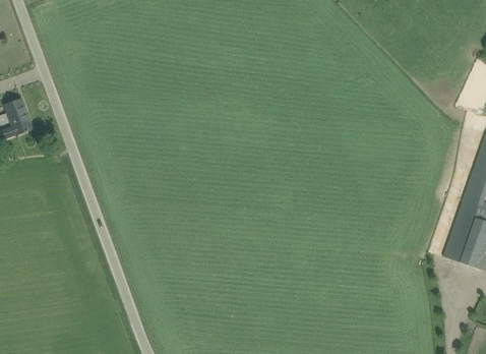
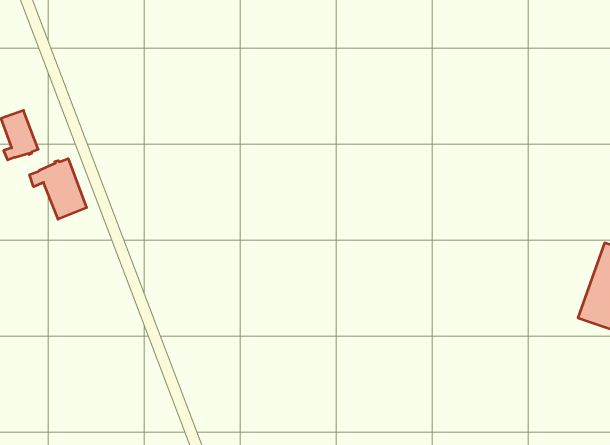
building: none -> [30,159,87,219]

